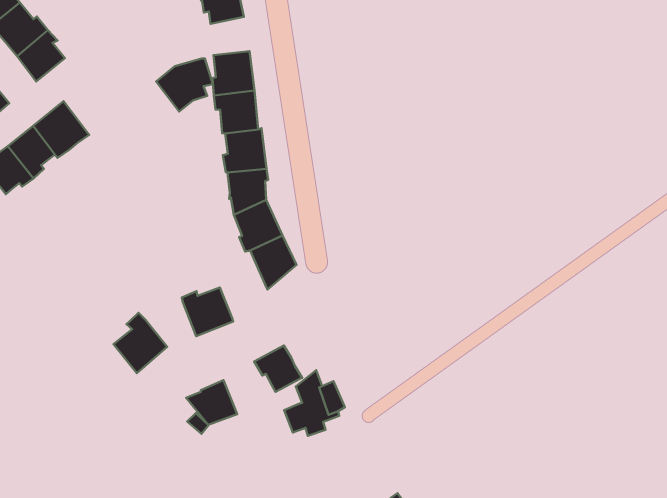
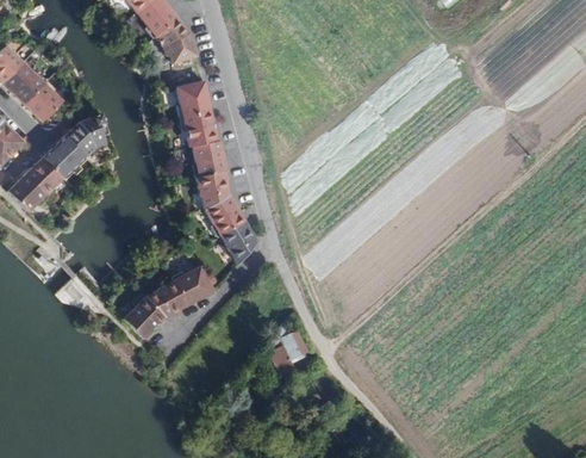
building: [156,58,213,112] -> [66,113,110,156]
building: [254,345,302,392] -> none
building: [186,380,237,425] -> [147,280,187,316]

